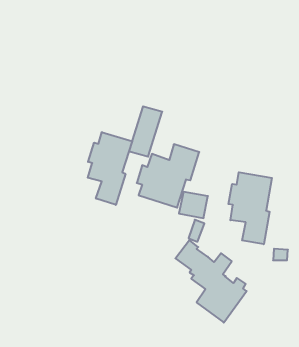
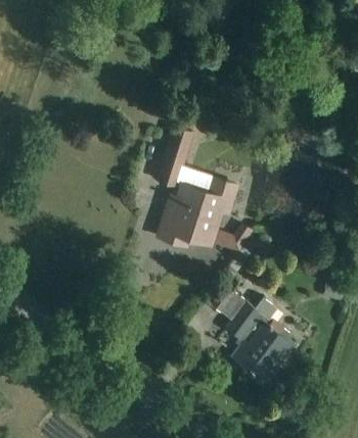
building: [88,132,132,205] -> none
building: [228,172,272,244] -> none

